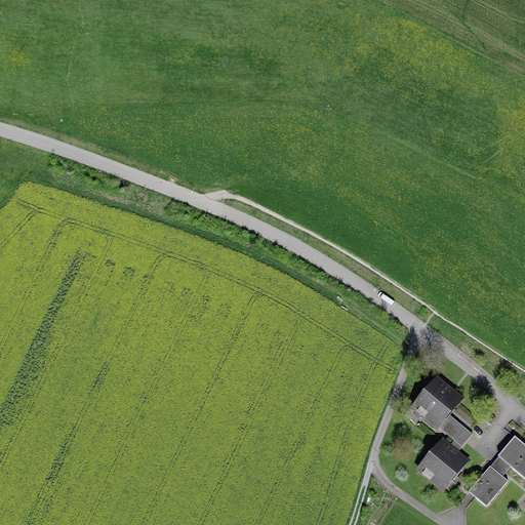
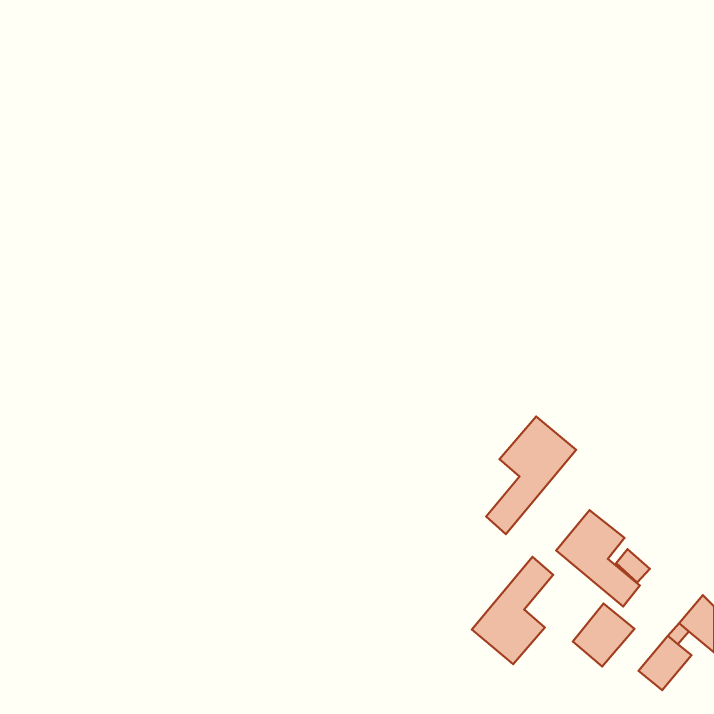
building: none -> [486,416,576,534]
building: none -> [472,557,553,664]

